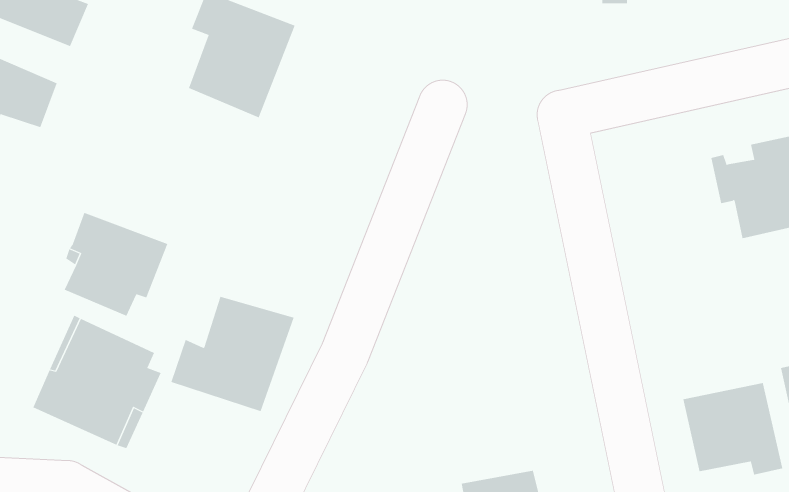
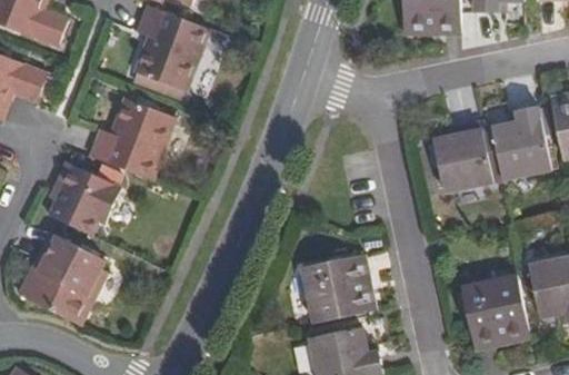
building: none -> [432,121,501,188]
building: [170,296,294,412] -> [87,92,170,170]
building: none -> [306,261,379,324]

